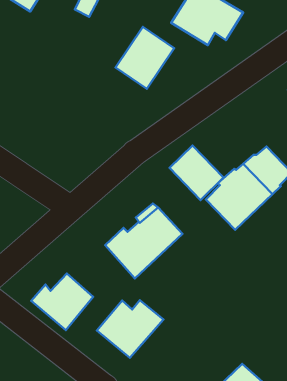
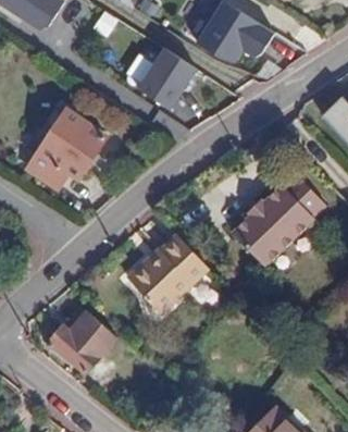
building: none -> [25,108,105,188]
building: [169,145,224,200] -> none
building: [97,300,163,358] -> none

